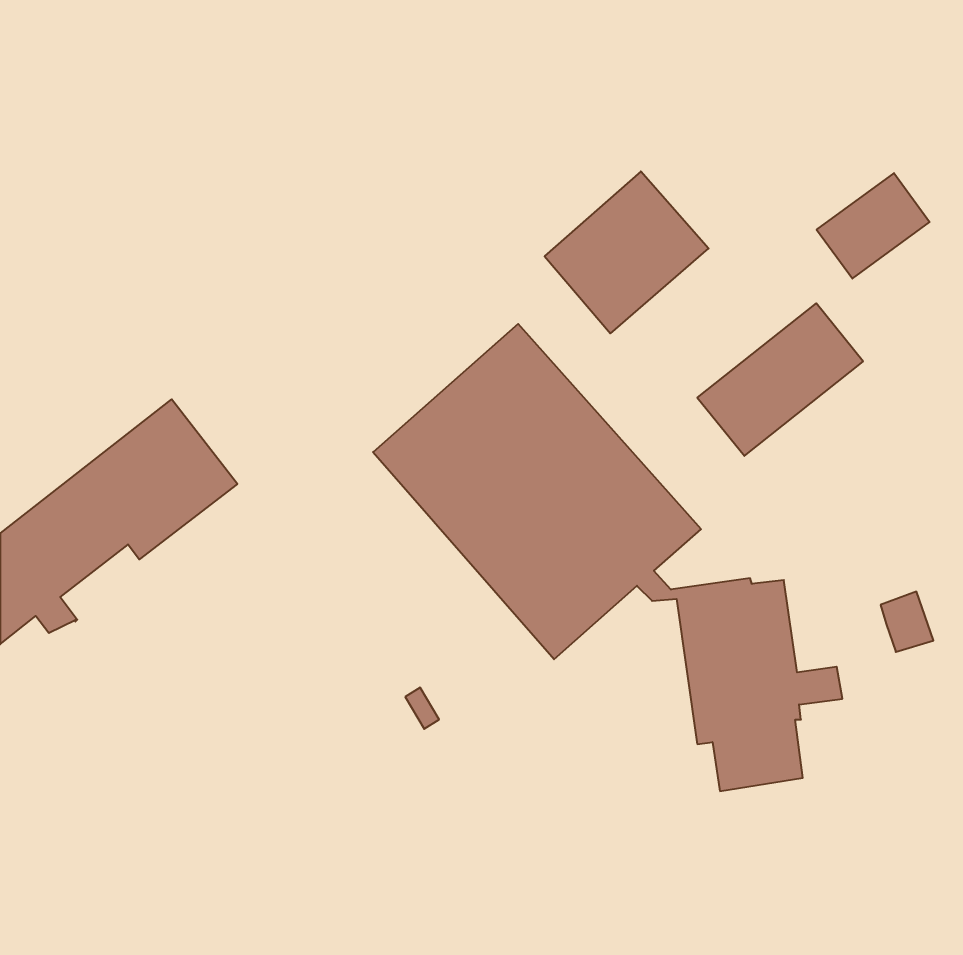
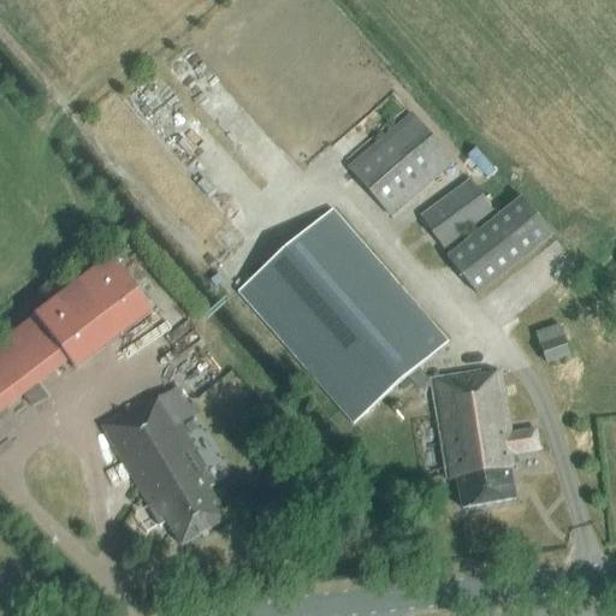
building: [817,173,930,279] -> [420,178,492,245]
building: [881,592,933,652] -> [535,321,569,360]
building: none -> [102,384,227,539]

